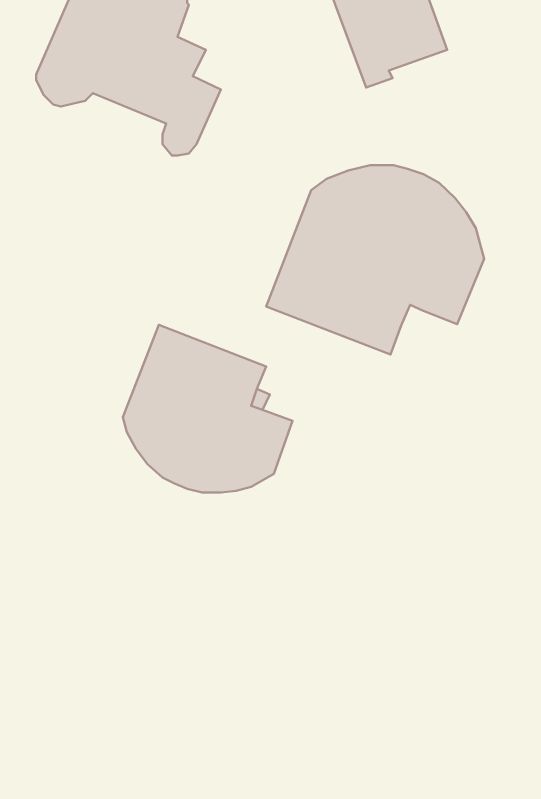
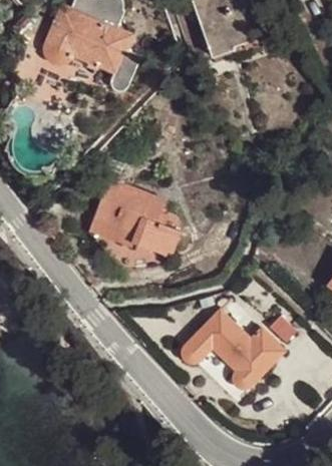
building: [266,165,484,355] -> none
building: none -> [181,310,284,389]

